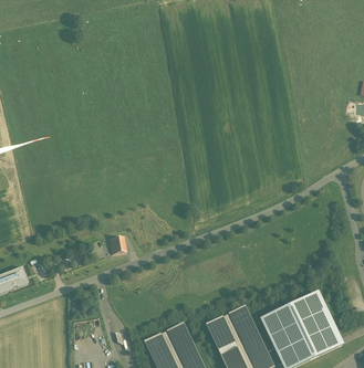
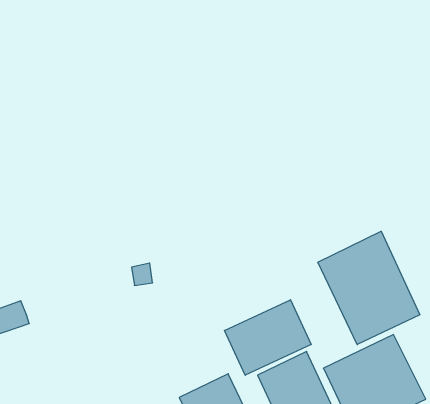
building: none -> [318,231,420,345]
building: none -> [225,300,311,375]

